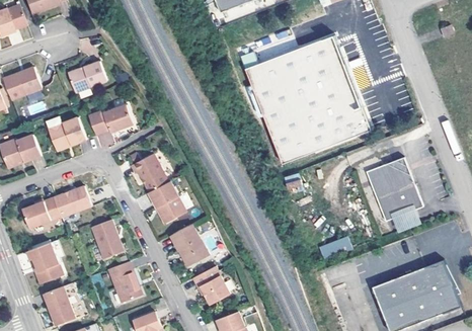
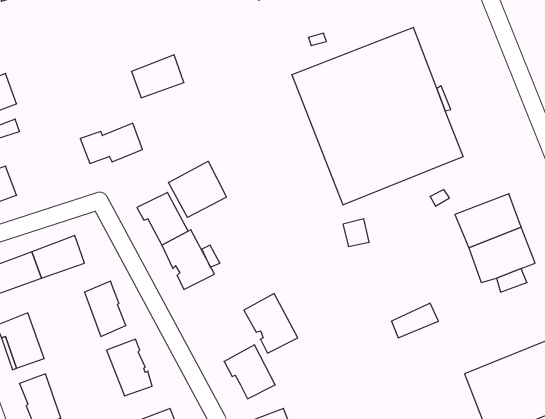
building: [68,62,106,93] -> [131,55,184,98]
building: [46,116,87,151] -> none
building: none -> [168,161,226,217]
building: [170,224,210,267] -> [244,294,298,353]

